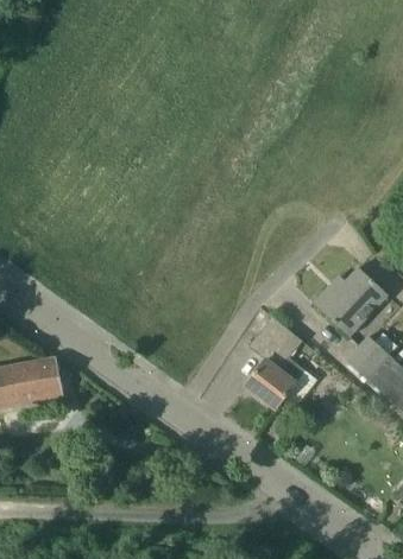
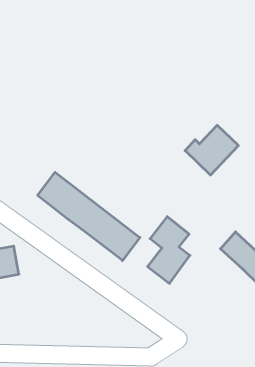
building: none -> [38,172,140,261]
building: [314,267,389,337] -> [185,125,238,175]

